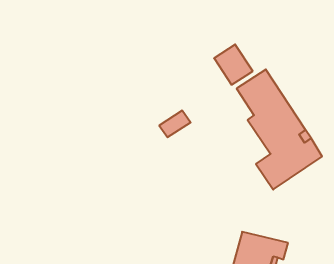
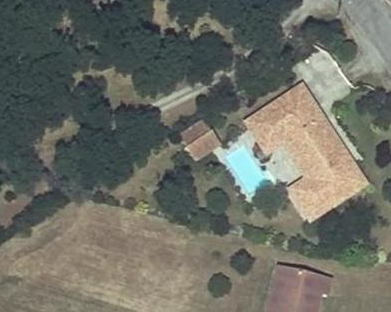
building: [214,44,253,85] -> [247,107,289,151]

